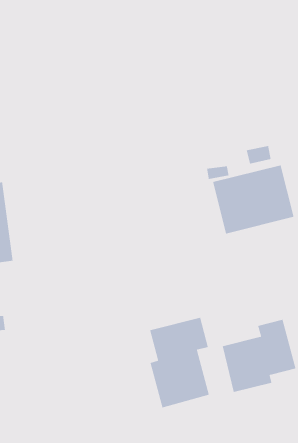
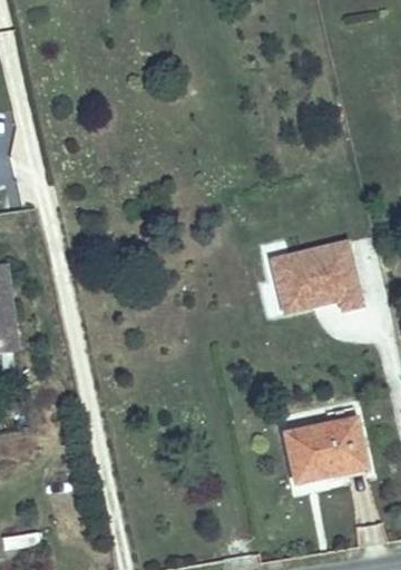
building: [149,317,210,408] -> none

